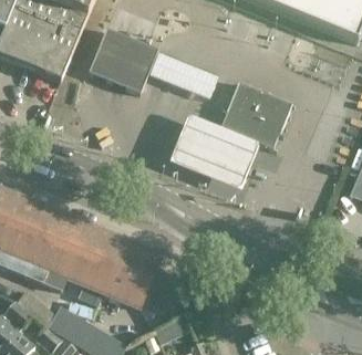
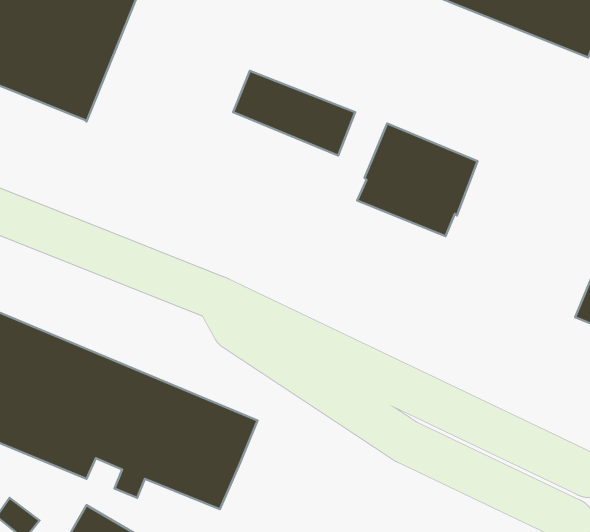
building: [89,29,158,93] -> none
building: [170,115,260,190] -> none

